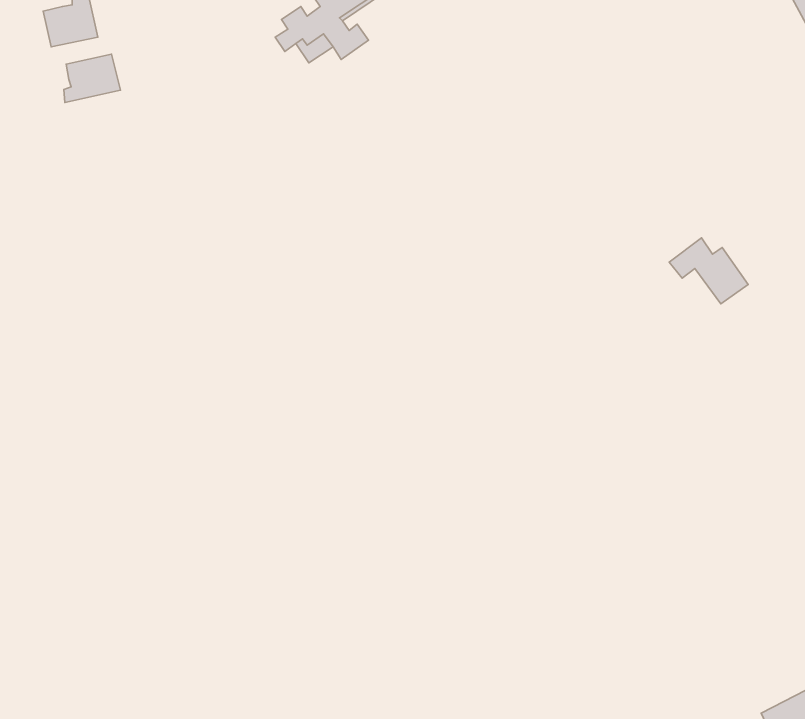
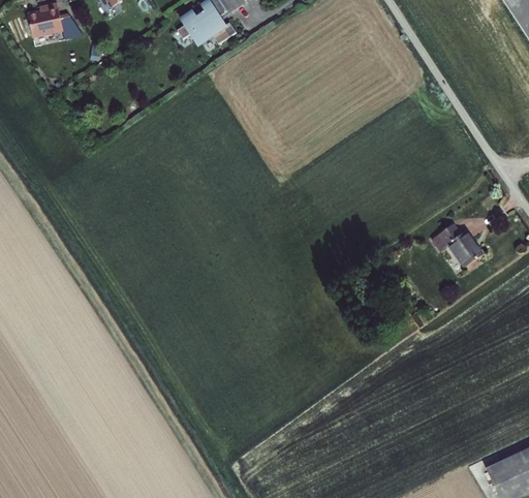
building: [64,54,121,103] -> none
building: [669,238,748,304] -> [433,222,484,264]

